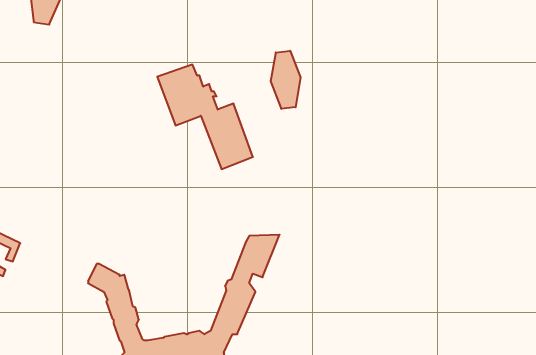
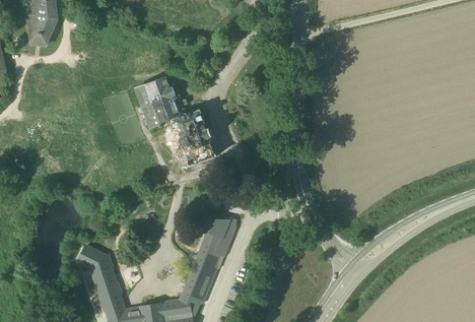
building: [271,51,301,109] -> none

